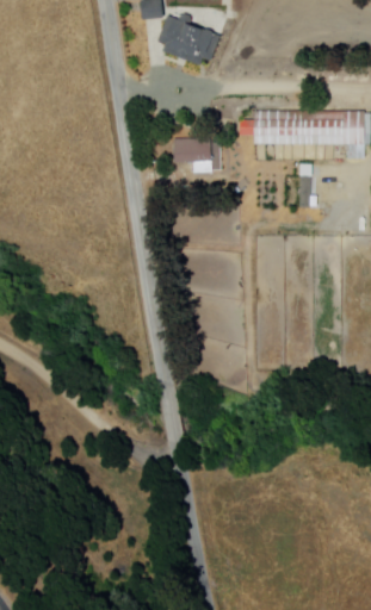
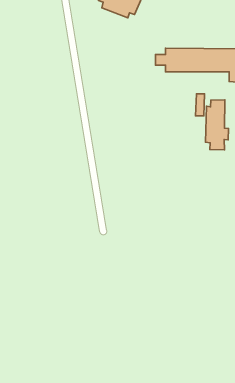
building: [173,137,210,163] -> none
building: none -> [206,100,228,150]

